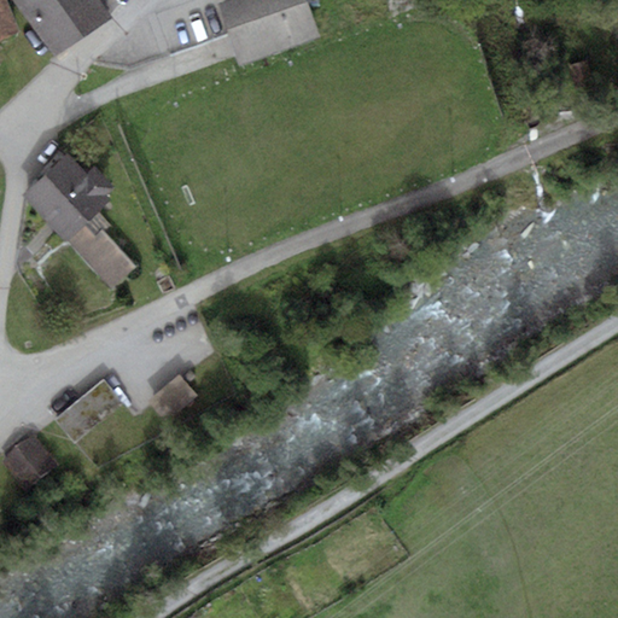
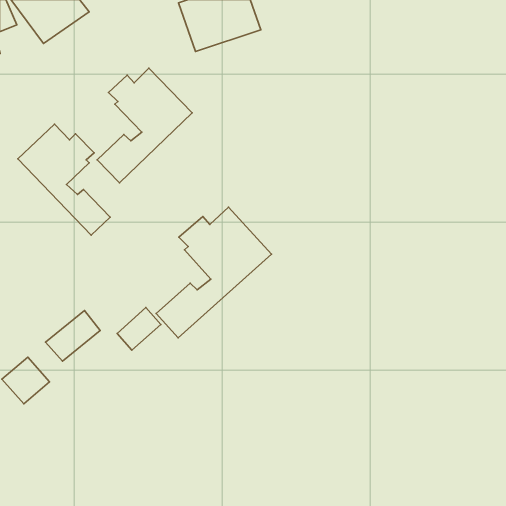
building: none -> [97,68,192,183]
building: none -> [156,207,271,338]

